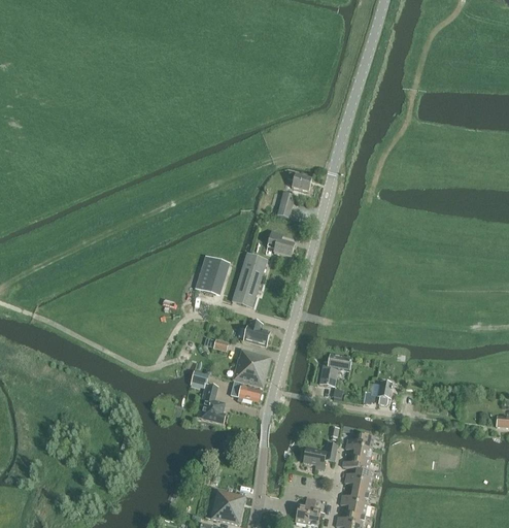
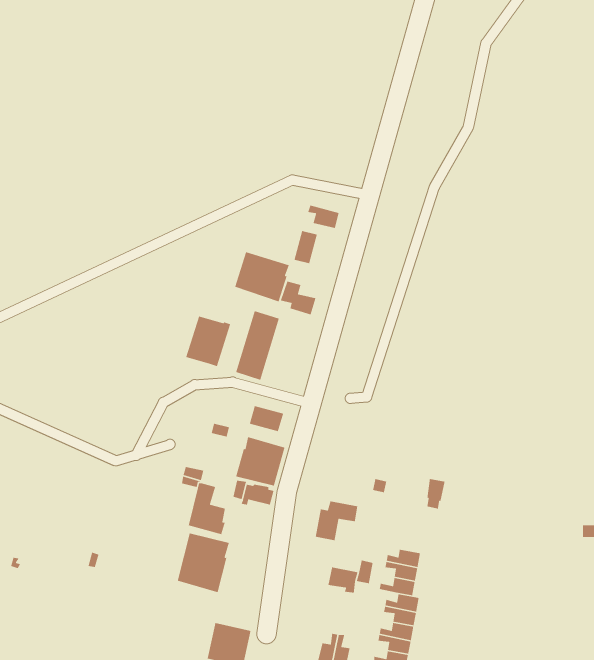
building: none -> [234,251,290,303]
building: [318,355,351,386] -> [315,500,358,541]
building: none -> [177,533,230,593]

